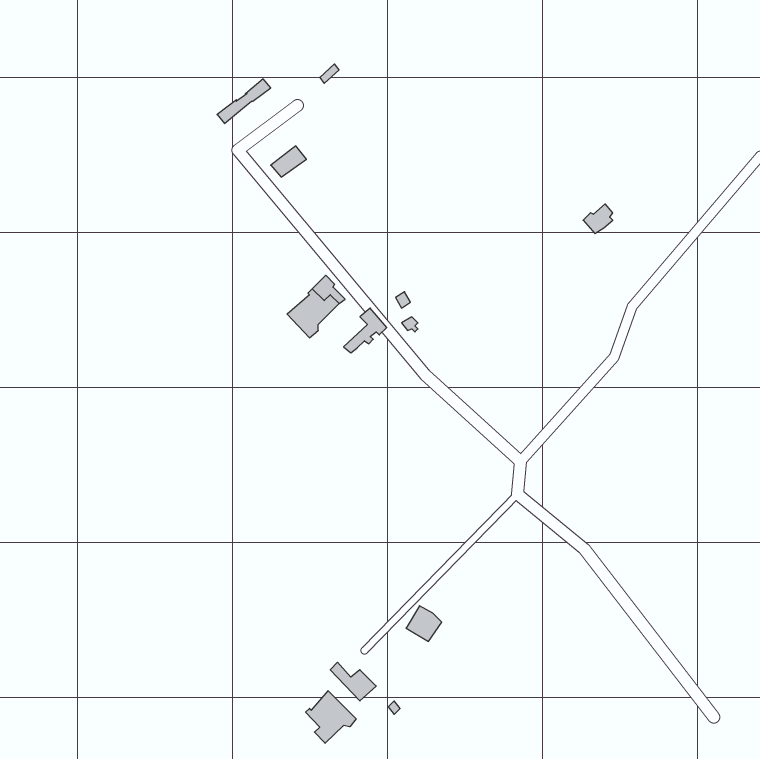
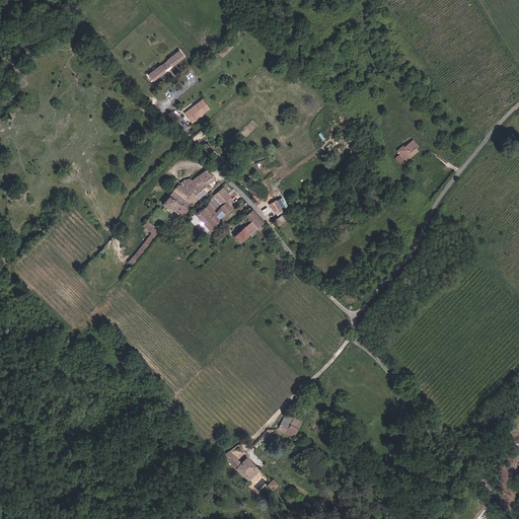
building: none -> [164,169,214,214]
building: [306,691,356,743] -> none

